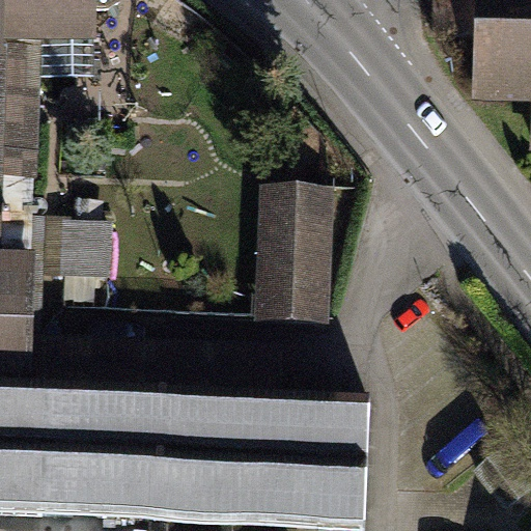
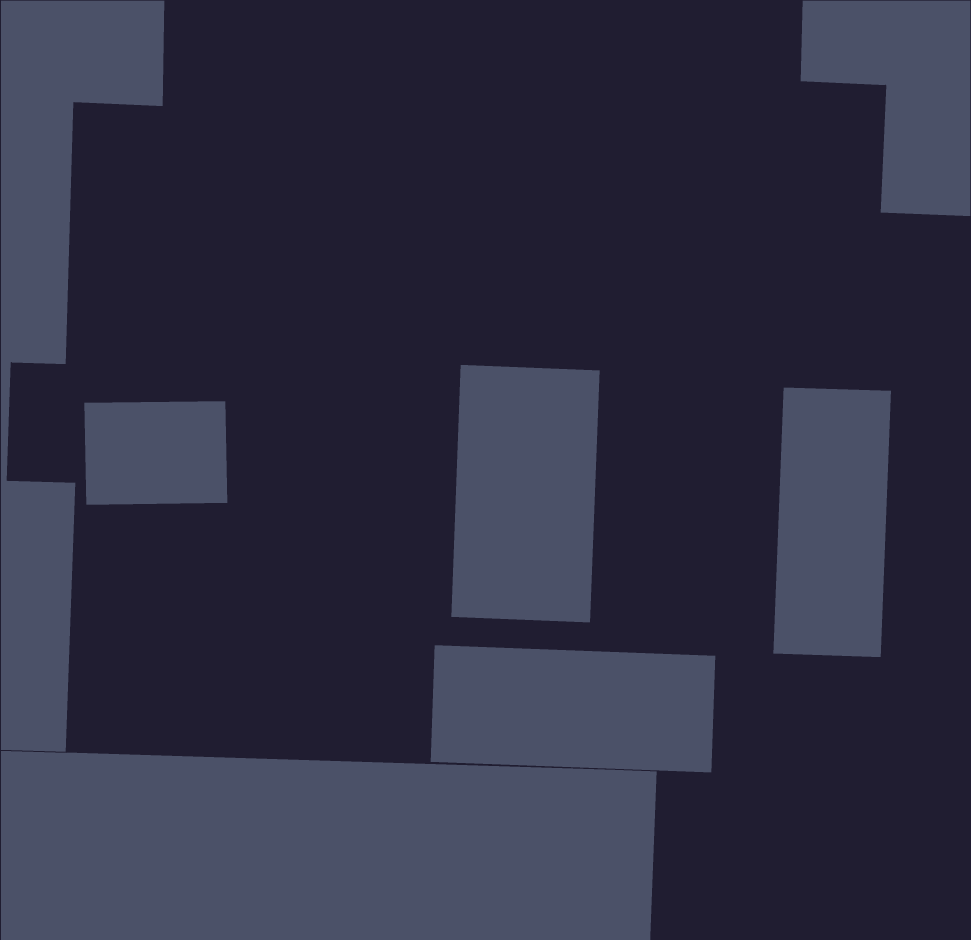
building: none -> [773,387,891,658]
building: none -> [430,644,716,773]

